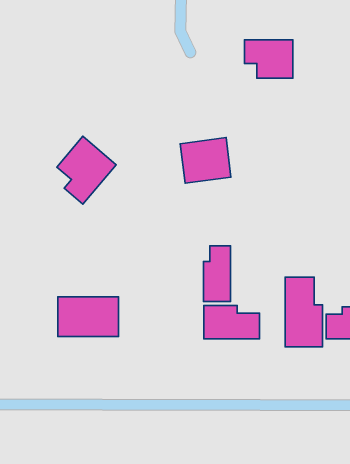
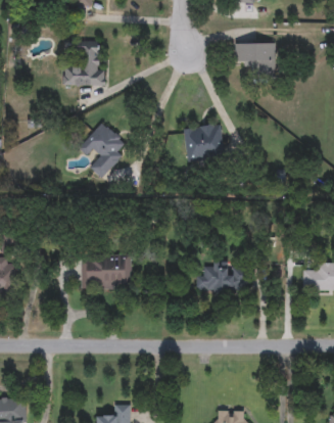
building: none -> [63,41,101,86]
building: [204,246,231,302] -> none
building: [285,277,322,347] -> none

